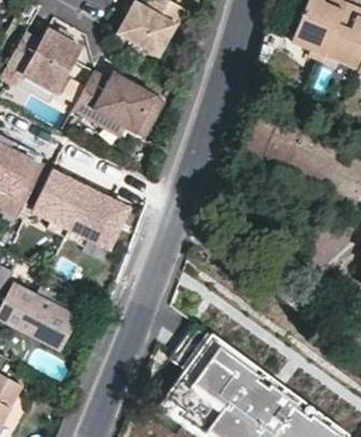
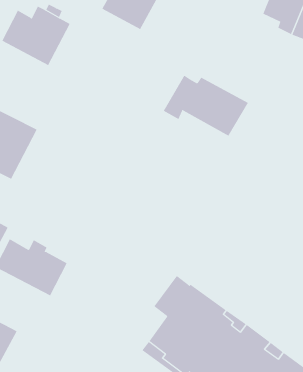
building: [70,71,164,138] -> [163,75,249,137]
building: [32,170,127,245] -> none

